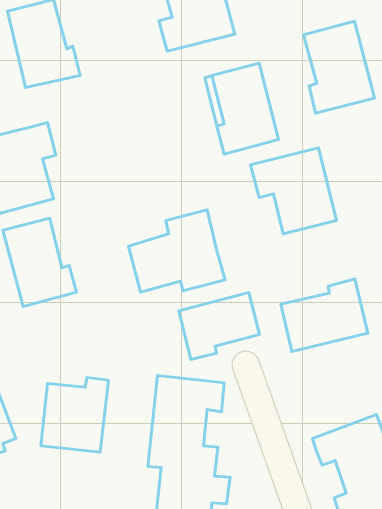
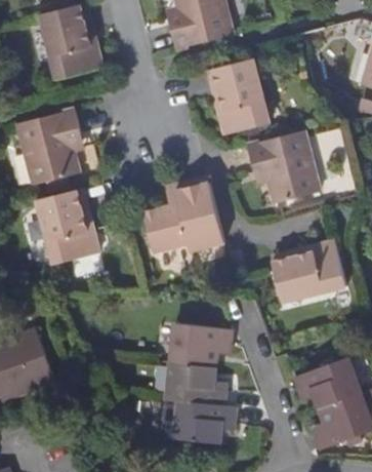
building: [304,21,375,113] -> none
building: [179,293,260,359] -> none
building: [41,377,108,452] -> none

